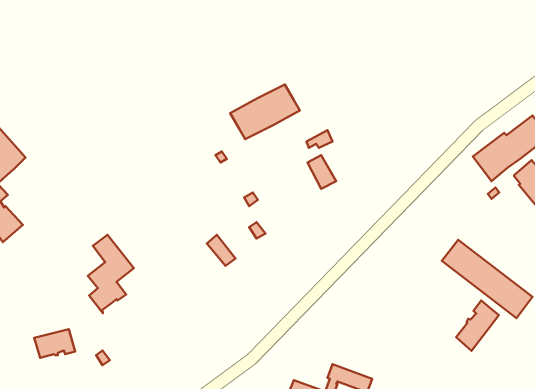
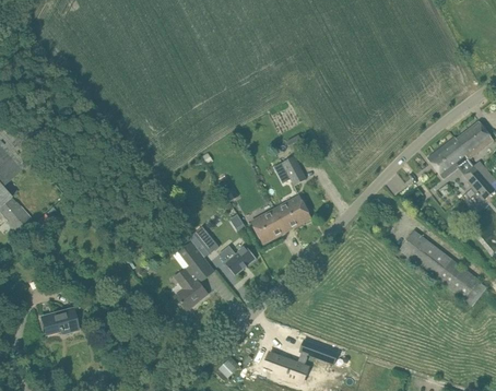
building: [230,85,300,139] -> [250,195,311,244]
building: [88,235,134,313] -> [174,241,214,310]
building: none -> [219,246,257,275]
building: [456,301,499,351] -> none

